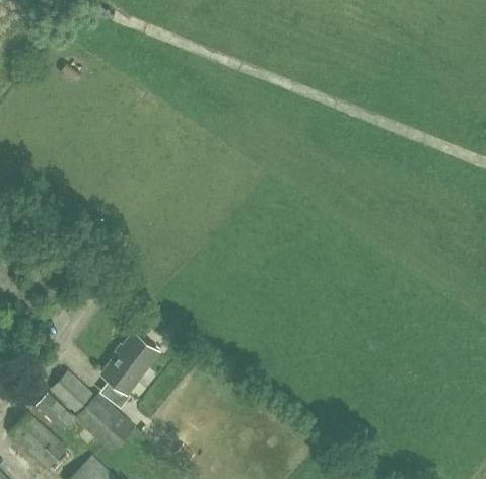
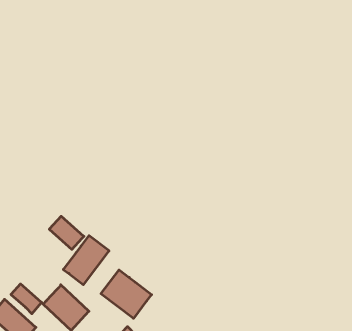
building: [52,372,95,414] -> [49,216,84,249]
building: none -> [101,270,152,318]

